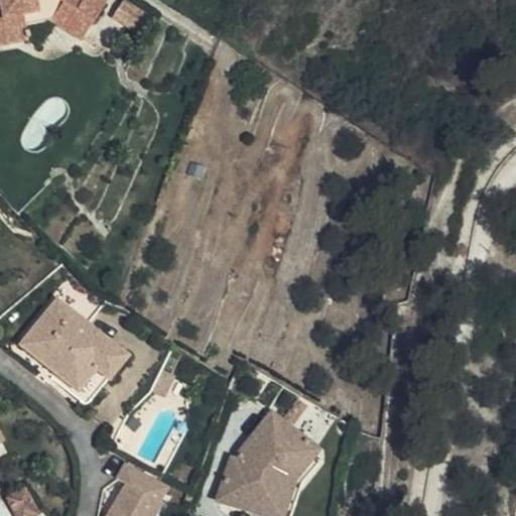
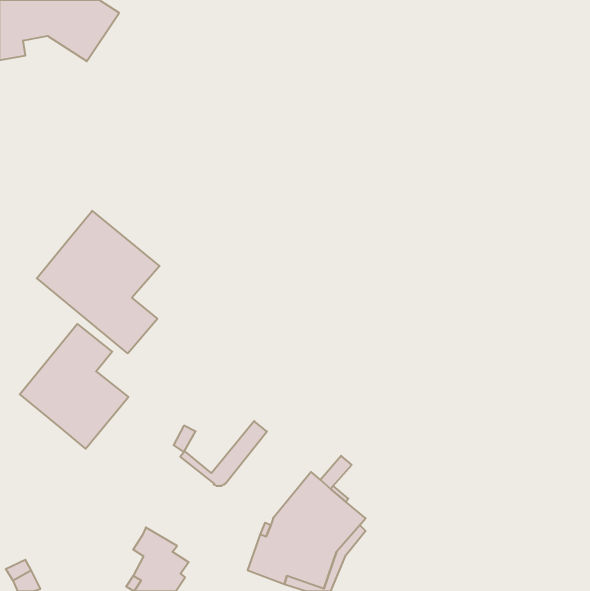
building: none -> [37,211,160,353]
building: [47,346,123,402] -> [180,421,267,486]

